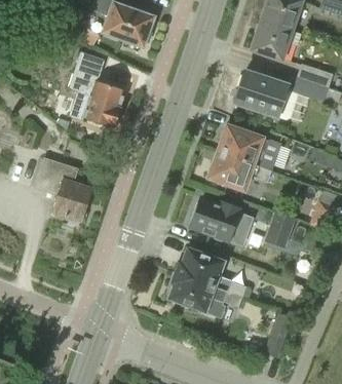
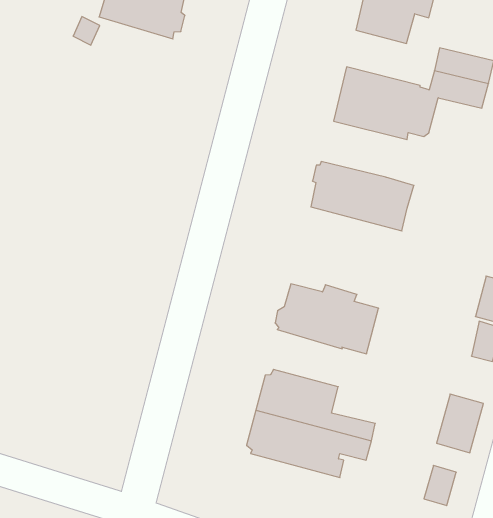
building: [67,51,124,125] -> none
building: [205,152,274,192] -> none
building: [33,157,92,221] -> none
building: [265,212,295,247] -> [437,394,483,453]

